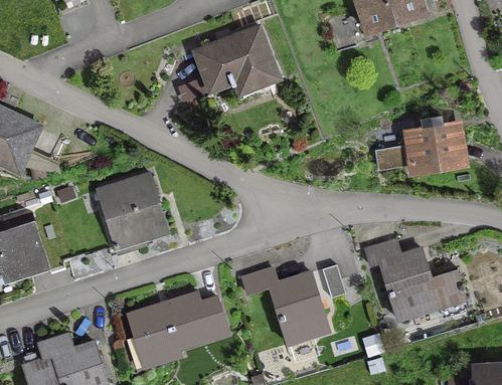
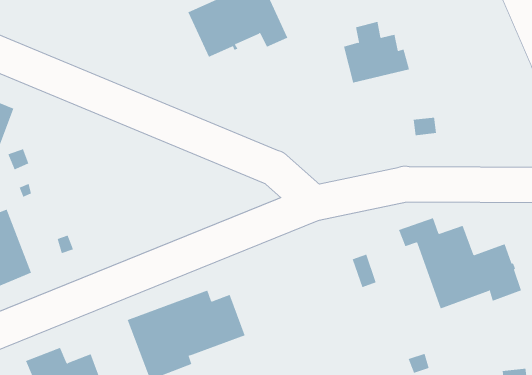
building: [409,115,466,167] -> [343,21,410,83]
building: [101,173,168,253] -> none
building: [242,268,329,344] -> none

